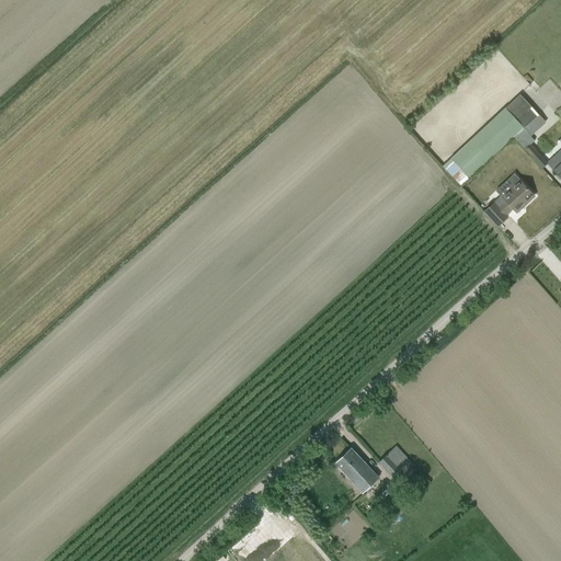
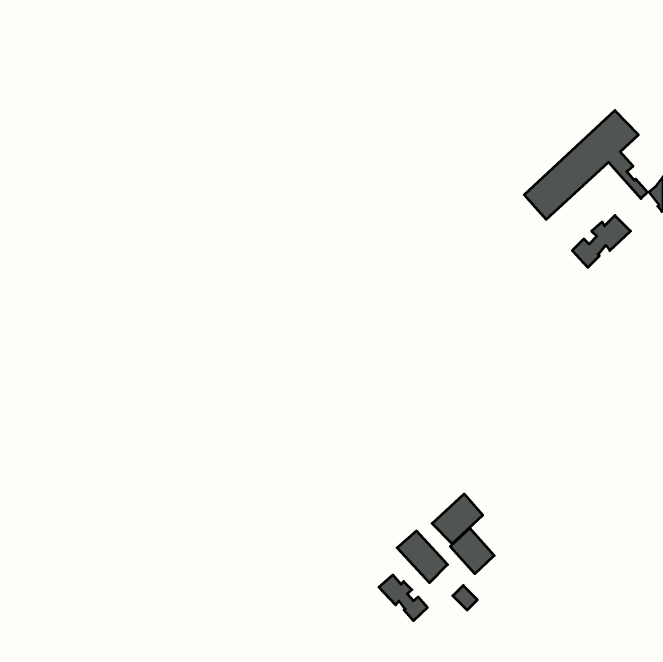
building: none -> [432,494,483,544]
building: none -> [379,575,427,621]

